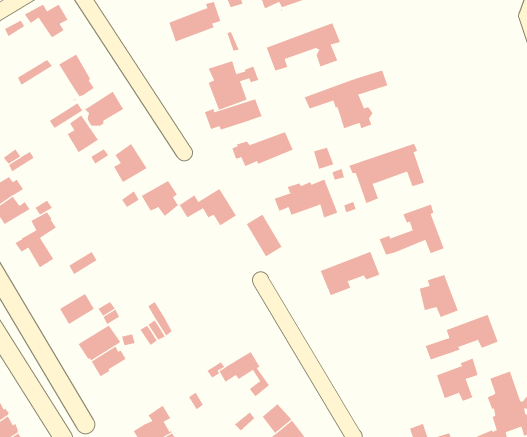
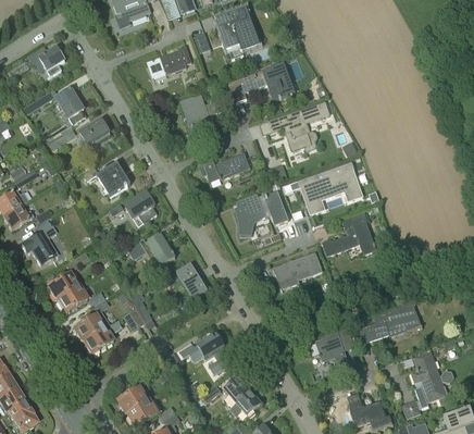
building: [204,98,262,131] -> none
building: [67,115,99,153] -> none
building: [179,188,237,226] -> [127,234,175,265]
building: [246,214,283,257] -> [177,263,208,299]
building: [419,274,459,318] -> none
building: none -> [47,273,79,299]
building: [436,358,478,401] -> [316,327,351,363]

